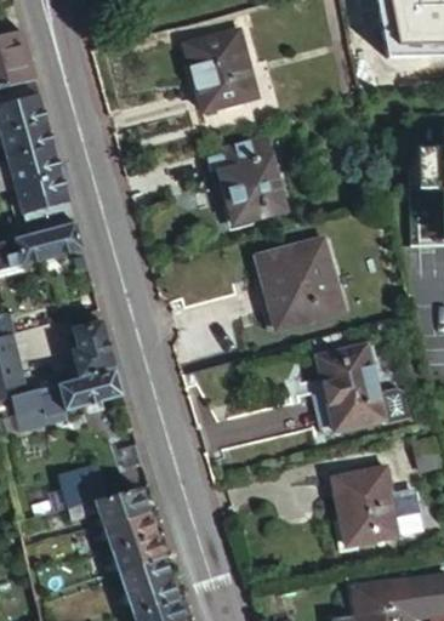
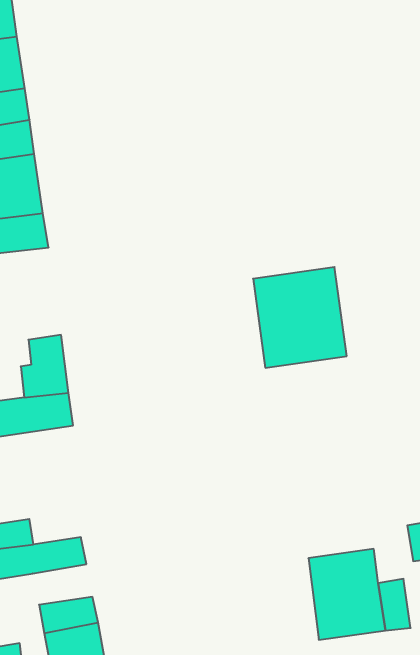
building: [189,29,257,109] -> none
building: [210,141,285,222] -> none
building: [315,346,386,433] -> none
building: [106,509,158,548] -> none

